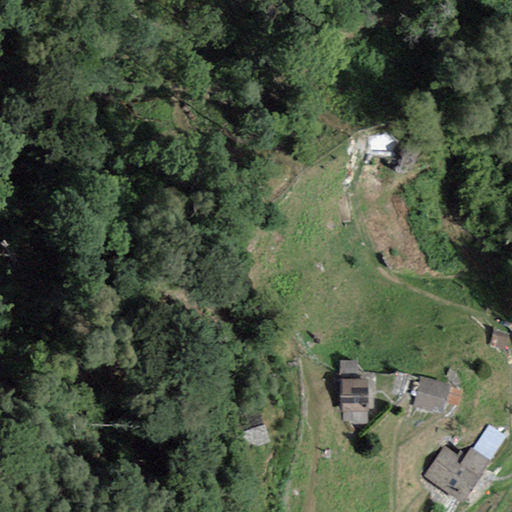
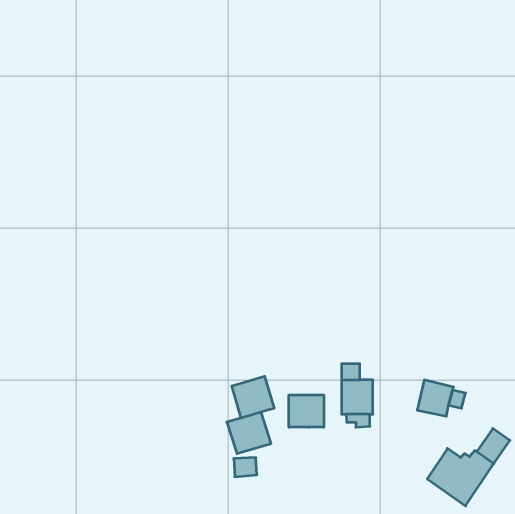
building: none -> [232,376,274,418]
building: none -> [289,395,324,427]

